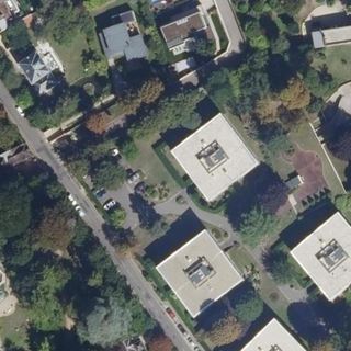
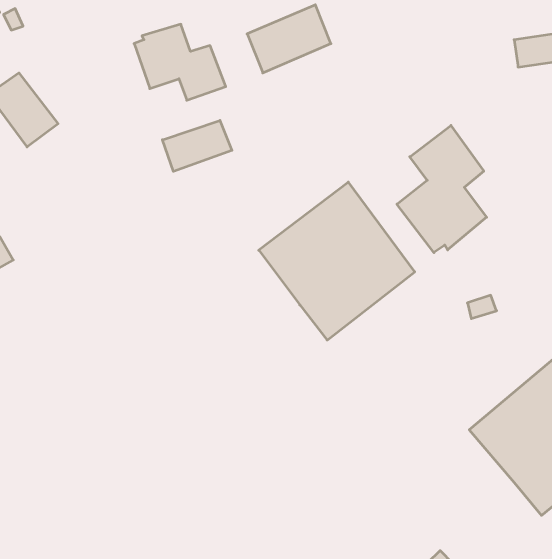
building: none -> [162,120,232,171]
building: none -> [397,125,487,253]
building: [156,229,241,317] -> none

